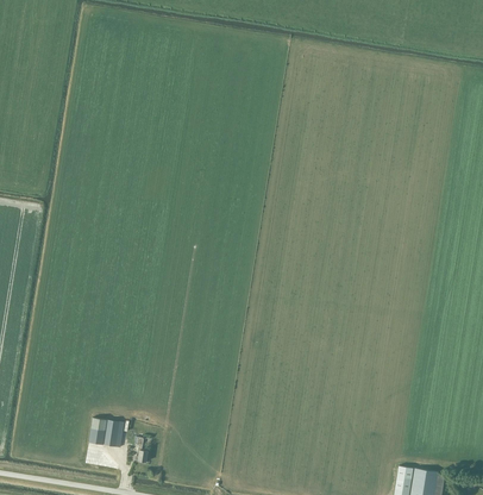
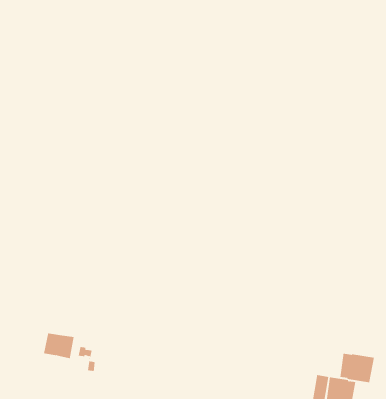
building: none -> [340,353,374,383]

